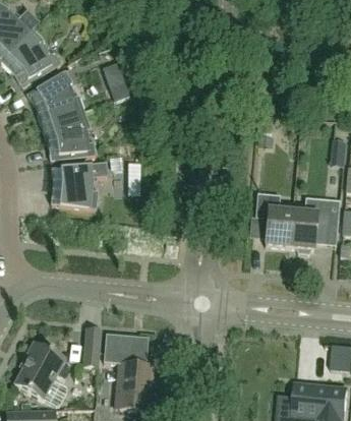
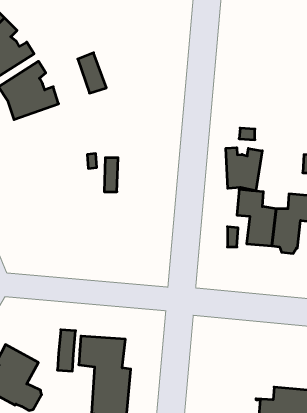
building: [42,110,96,160] -> none
building: none -> [226,148,262,191]
building: [51,161,108,207] -> none

